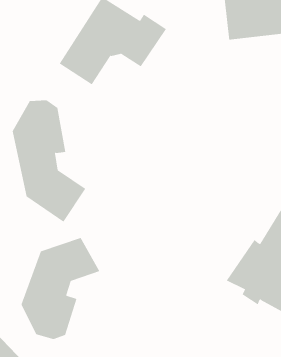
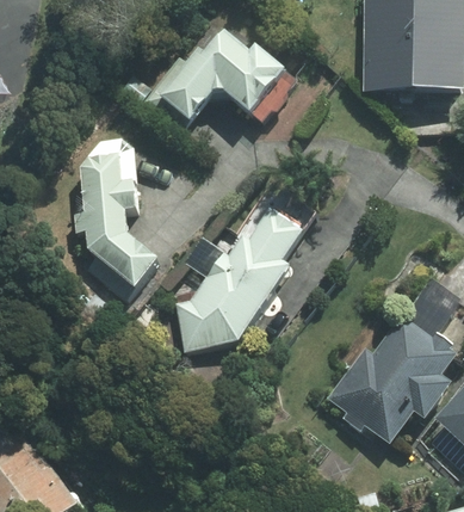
building: none -> [175,187,316,351]
building: [21,237,100,340] -> none

